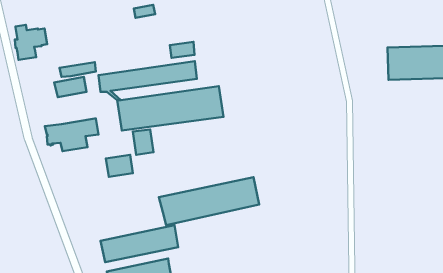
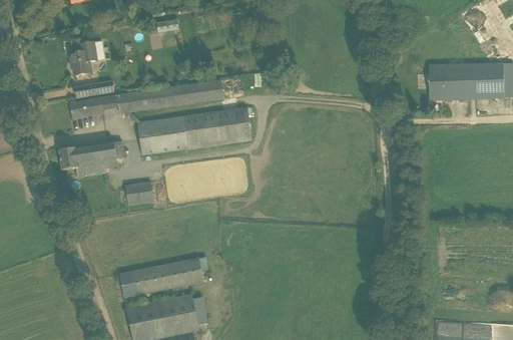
building: [15,25,47,60] -> [70,37,105,75]
building: [170,42,195,58] -> none
building: [133,130,153,155] -> none
building: [159,177,259,225] -> none

